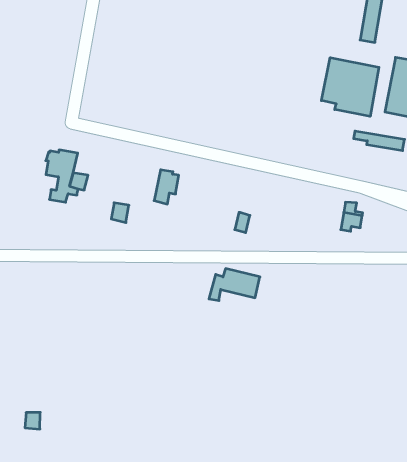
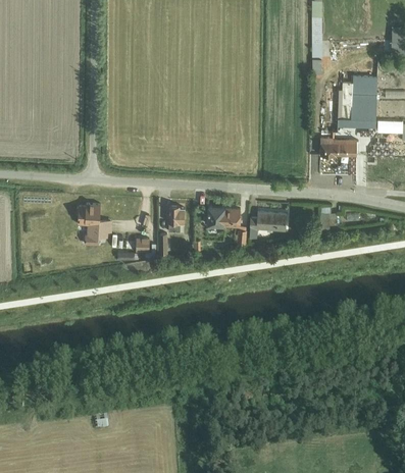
building: [321,58,379,116] -> none
building: none -> [207,206,240,226]
building: [209,269,260,301] -> [248,210,286,236]

